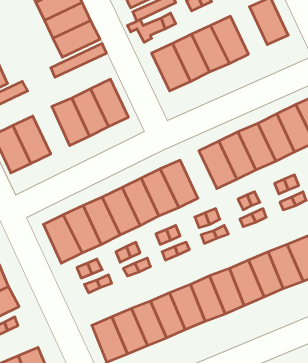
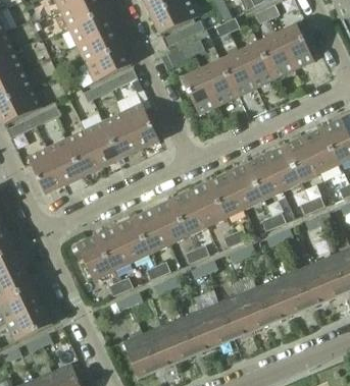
building: none -> [258,33,294,78]
building: none -> [66,129,102,175]
building: none -> [209,172,245,218]

